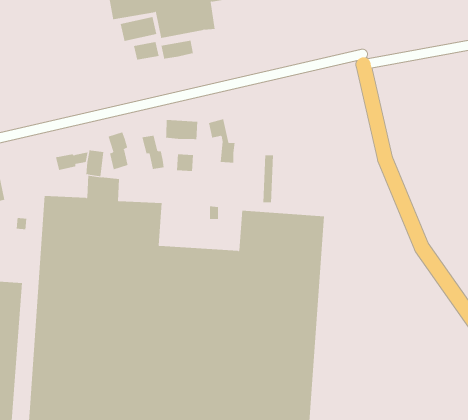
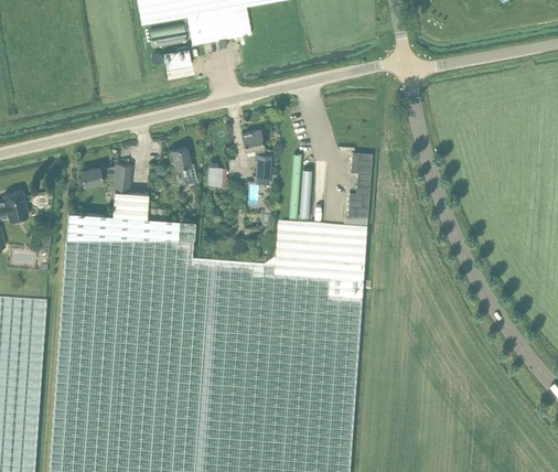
building: [161,40,194,59] -> none
building: [165,119,198,140] -> none
building: [108,132,128,170] -> none
building: none -> [346,153,372,222]

